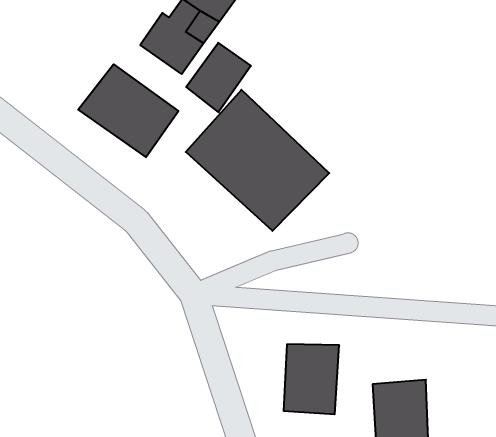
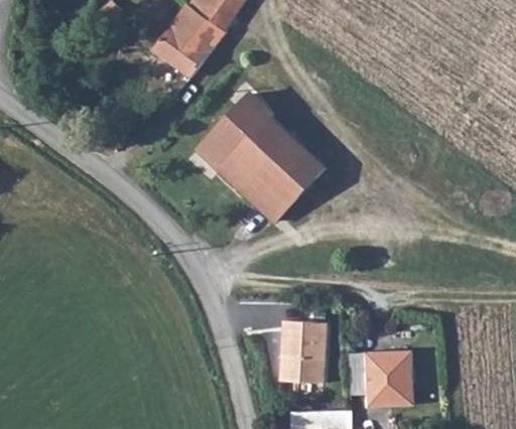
building: [186,43,251,112] -> none
building: [78,64,178,157] -> none

